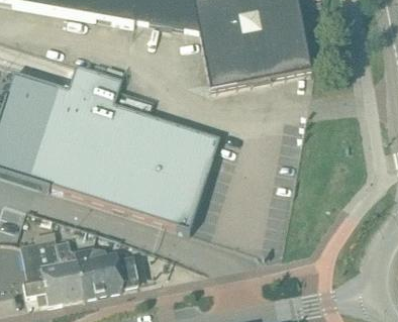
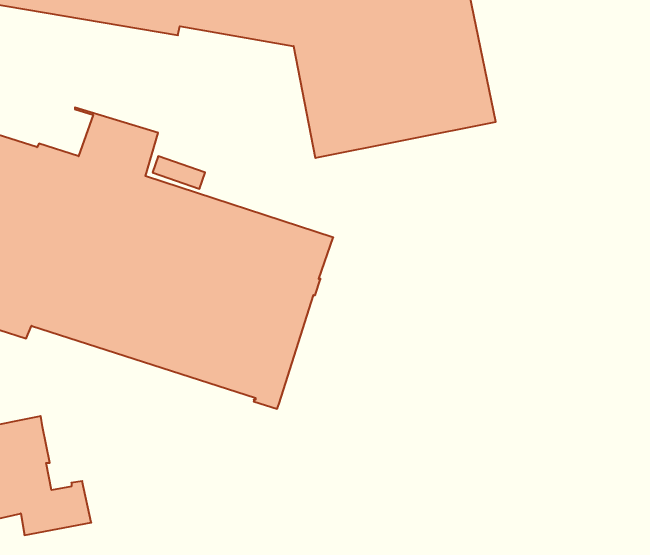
building: [58,239,137,295] -> none

